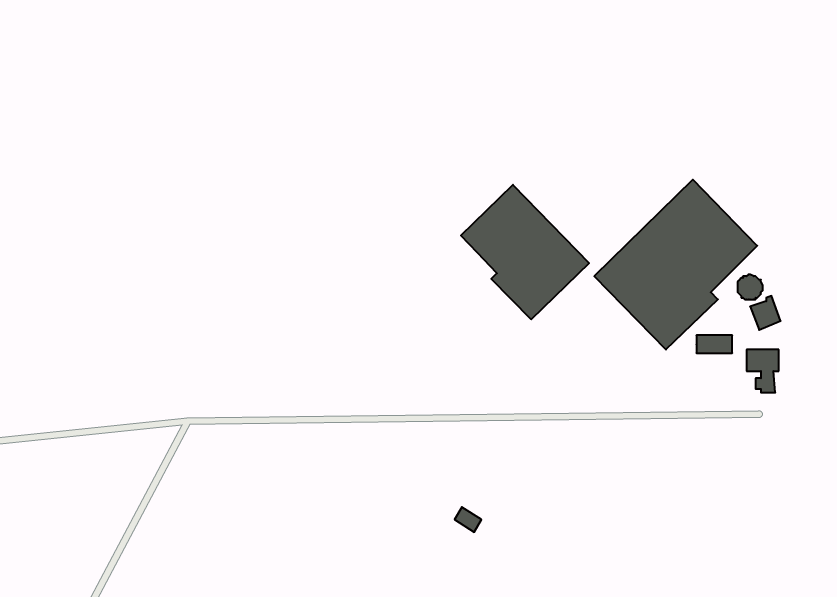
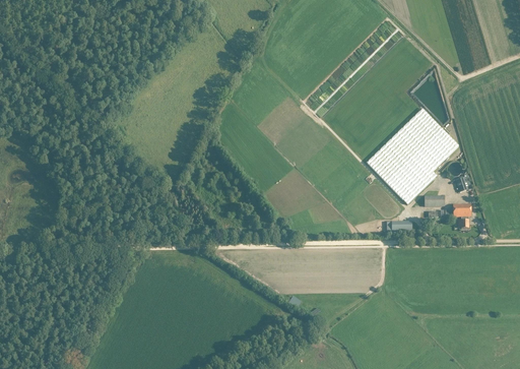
building: [461,185,589,319] -> none

